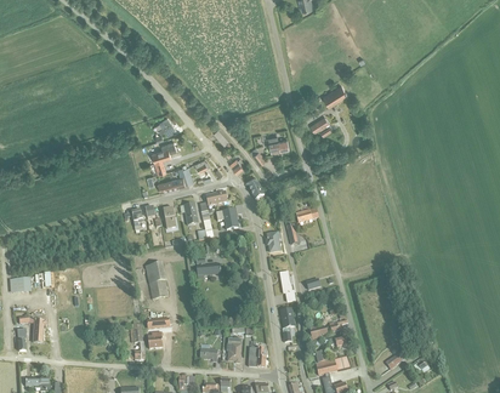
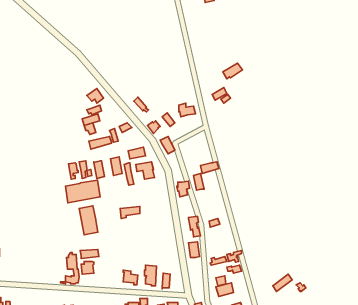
building: none -> [65,180,100,203]

